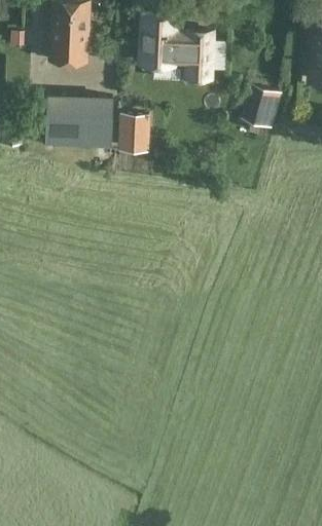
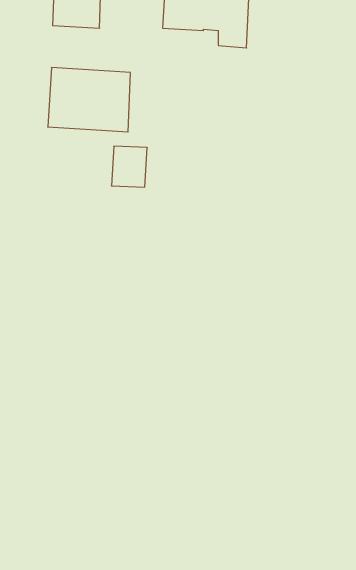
building: [241,85,281,127] -> none
building: [119,117,149,151] -> [111,146,147,187]

